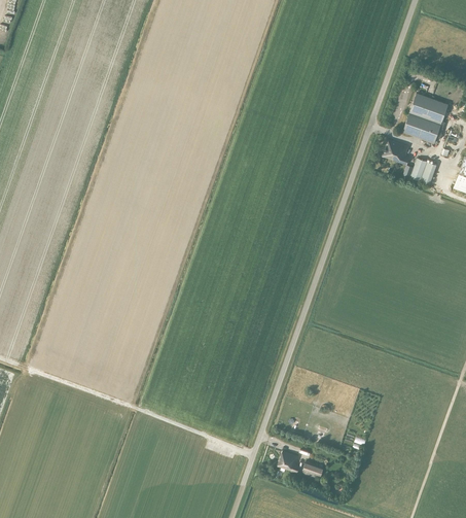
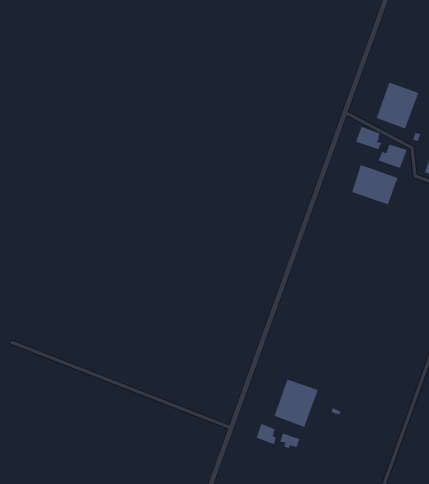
building: none -> [352,164,398,205]
building: none -> [274,379,319,428]

